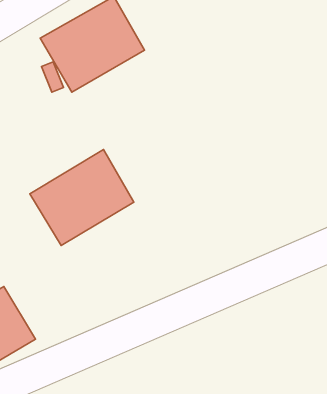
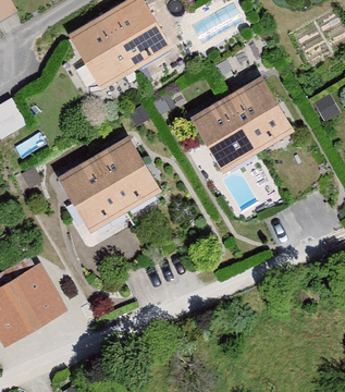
building: none -> [195,81,294,172]

